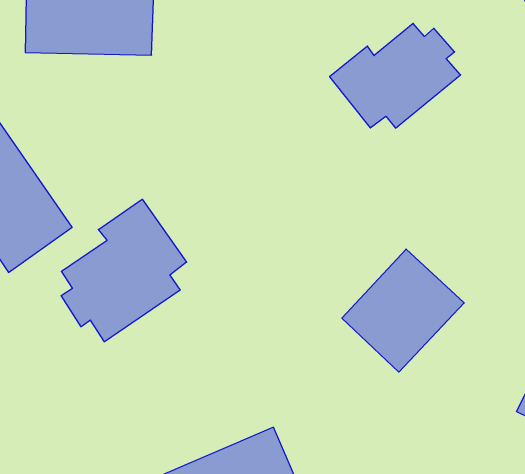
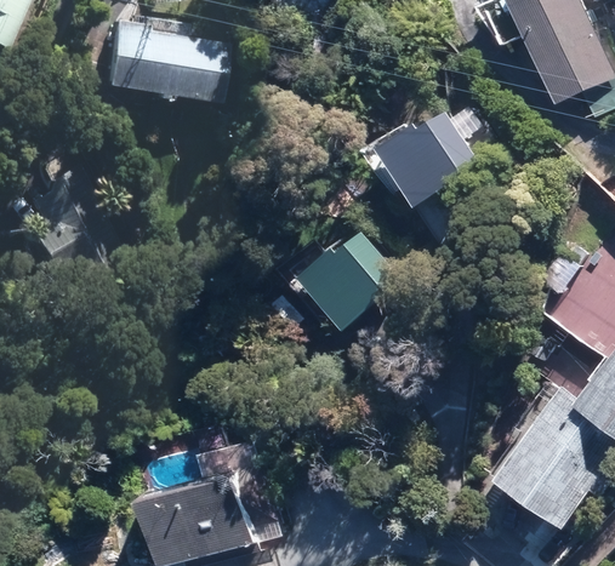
building: [61,199,187,342] -> none
building: [342,249,464,372] -> [296,222,410,333]

